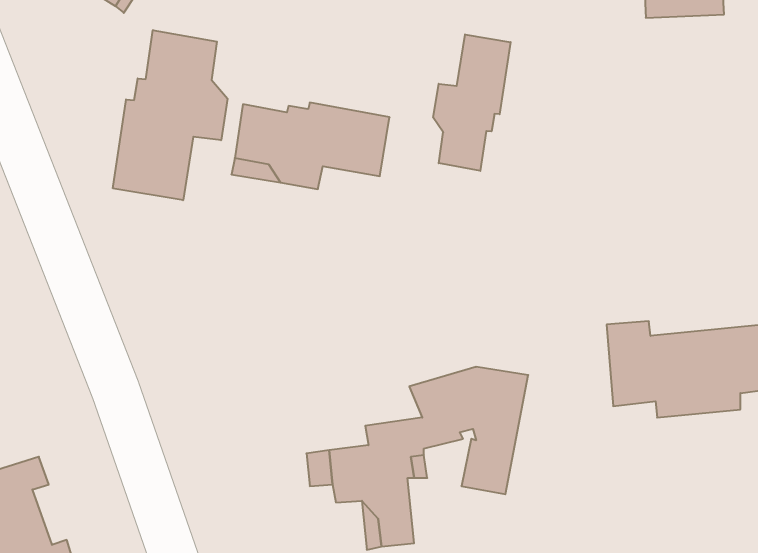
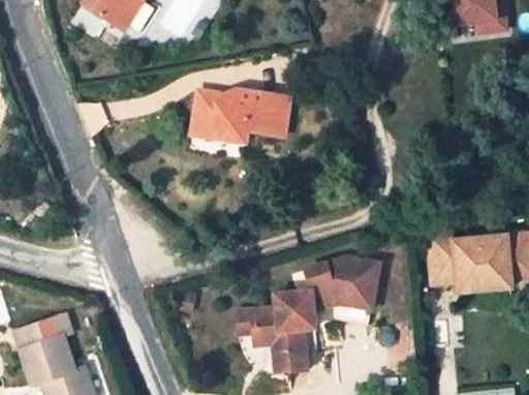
building: [113,30,228,200] -> none
building: [433,34,511,171] -> none

